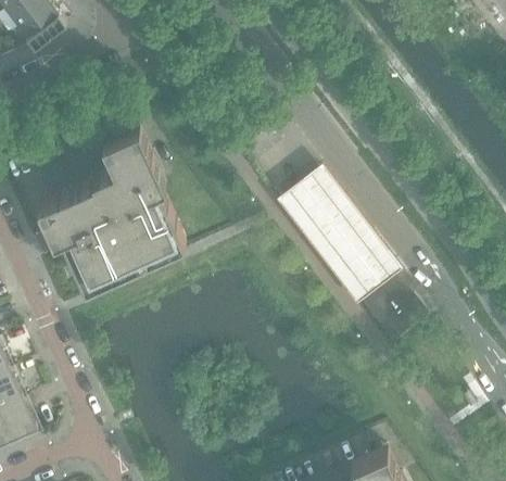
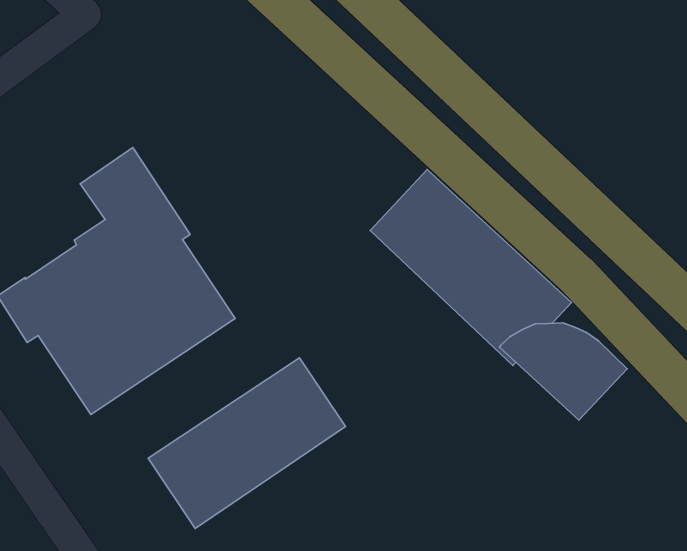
building: none -> [148,358,345,529]

